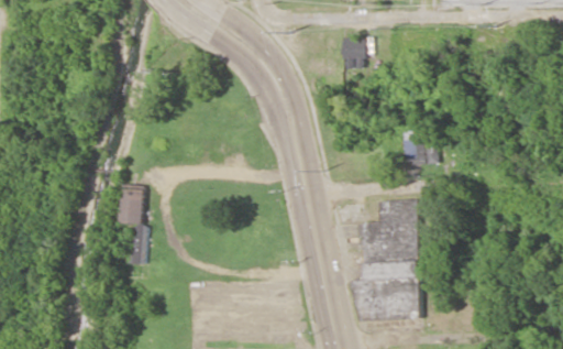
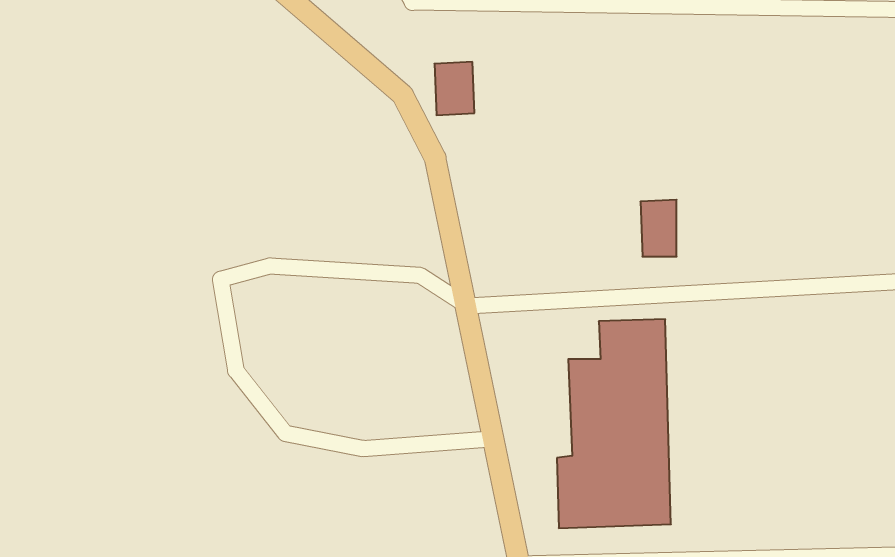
building: [341,37,364,68] -> [434,62,474,115]
building: [120,185,147,264] -> none

